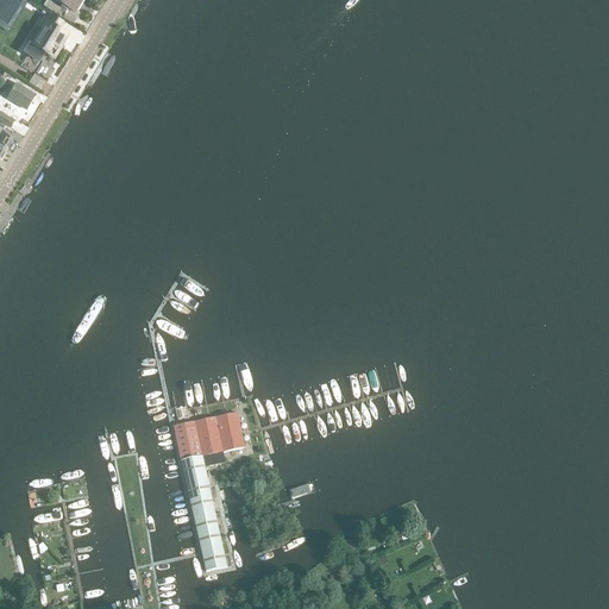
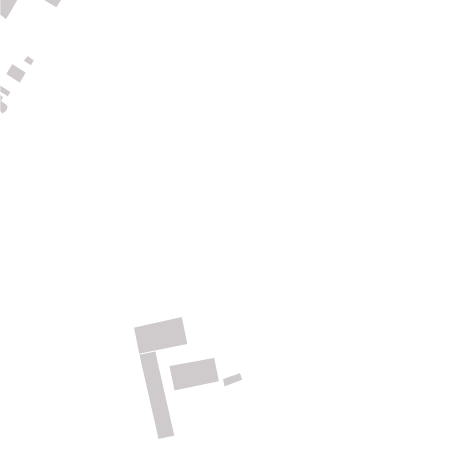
building: [25,13,67,59] -> none
building: none -> [169,357,220,391]

